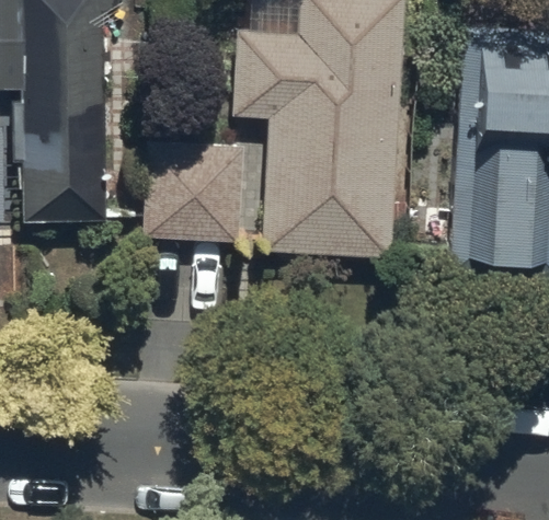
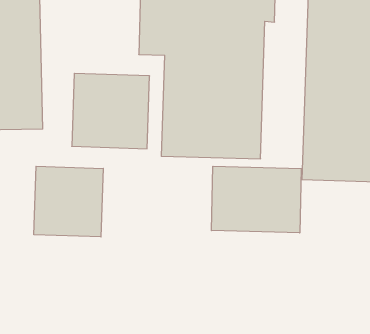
building: none -> [211,166,301,233]
building: none -> [34,166,103,237]

